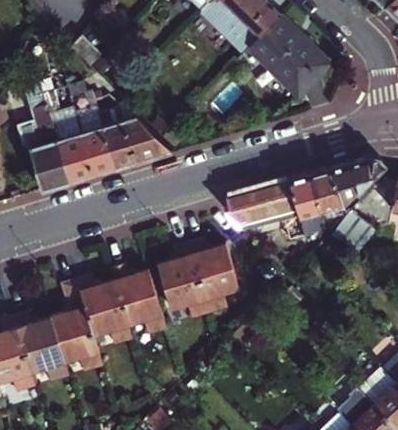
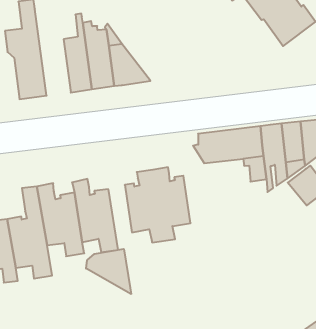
building: [42,92,93,184] -> none
building: none -> [86,249,131,294]

